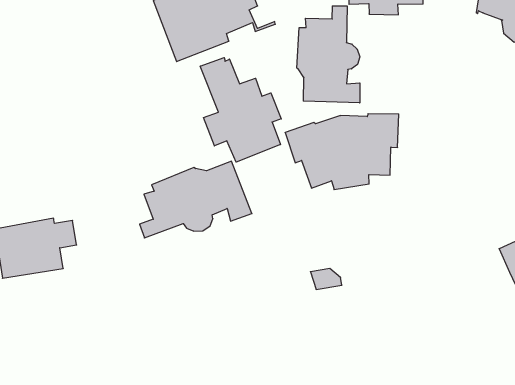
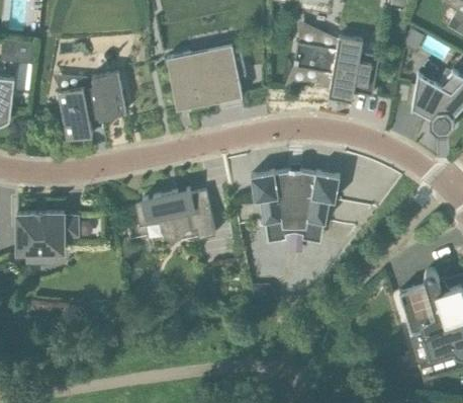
building: [297,6,360,103] -> none
building: none -> [58,74,126,140]
building: [200,58,281,162] -> none

